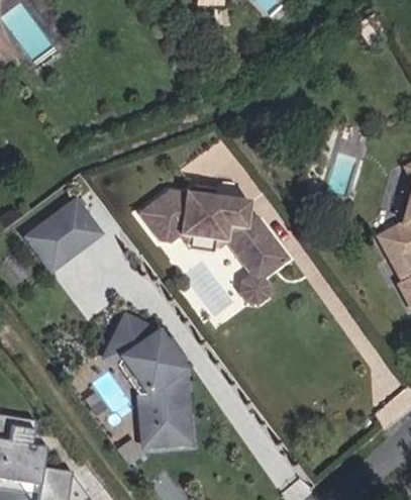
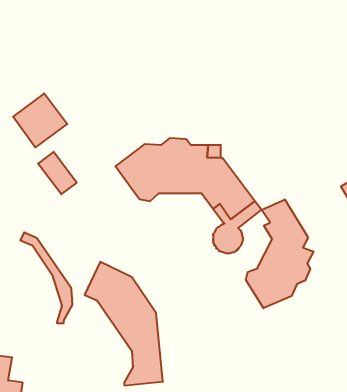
building: [29,213,86,270] -> [13,93,67,147]
building: none -> [246,199,313,308]
building: [106,351,161,445] -> [20,232,72,323]

